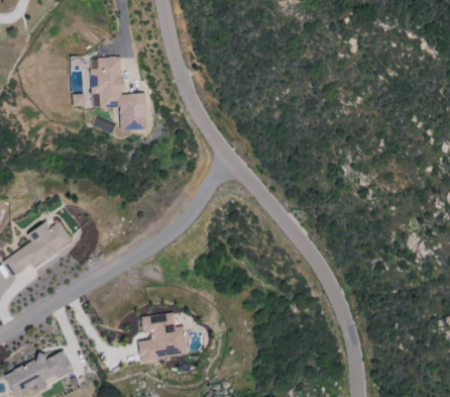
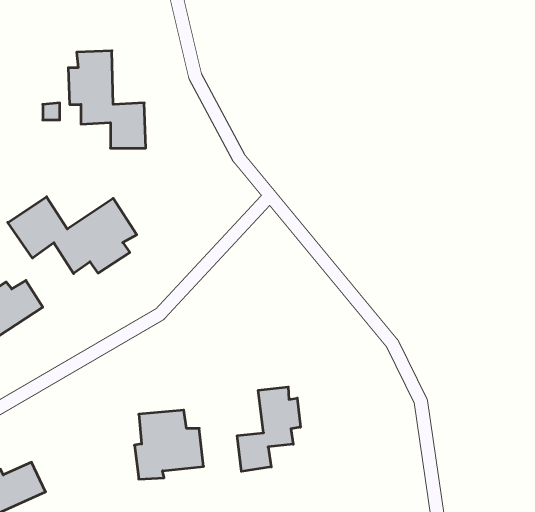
building: none -> [8,197,137,274]
building: none -> [237,387,300,471]

